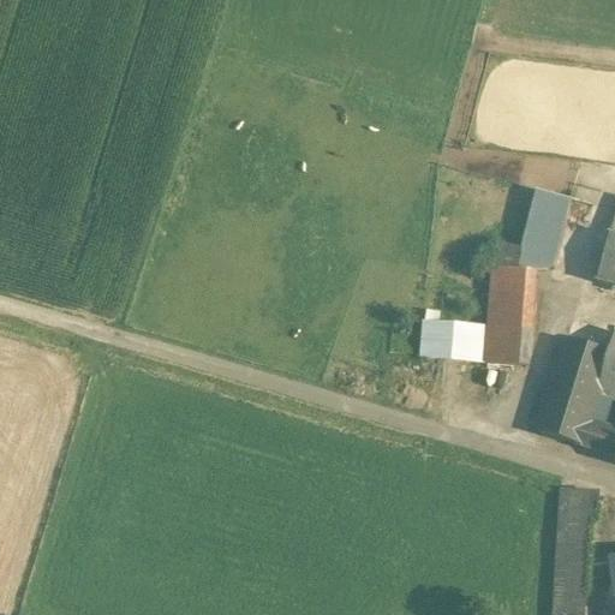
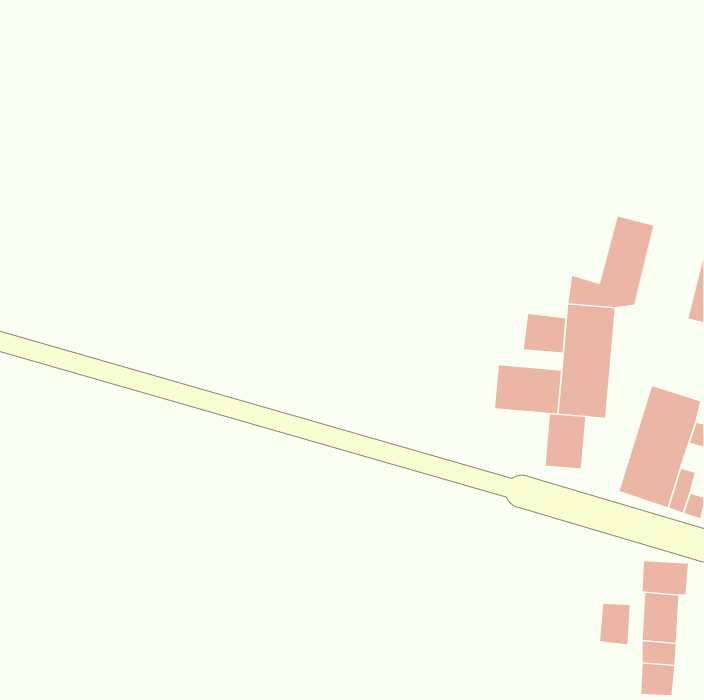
building: none -> [523,313,566,353]
building: none -> [545,414,586,469]
building: none -> [599,603,630,645]

